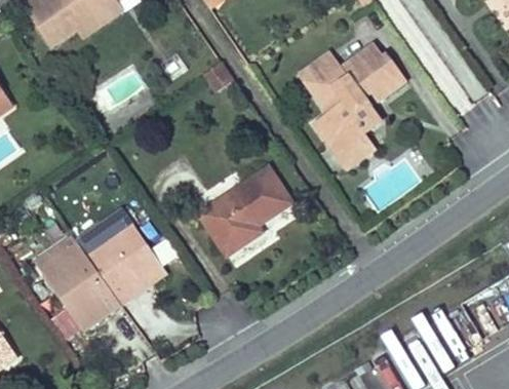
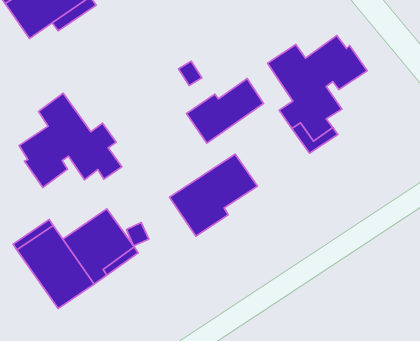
building: none -> [186,79,264,143]
building: none -> [19,93,122,187]

